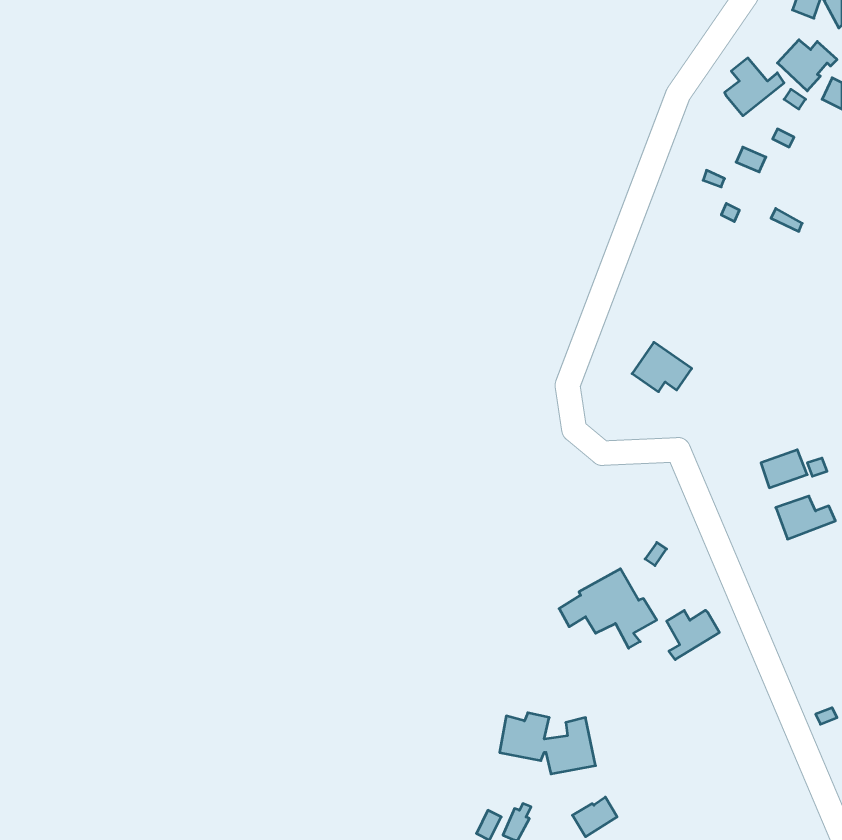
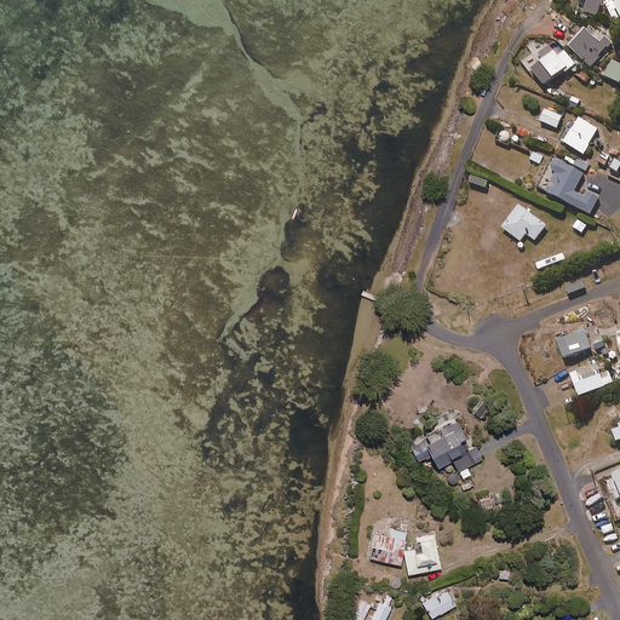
building: none -> [563,117,598,154]
building: none -> [546,157,598,214]
building: [632,342,692,392] -> [501,203,545,240]
building: [667,610,719,660] -> none

